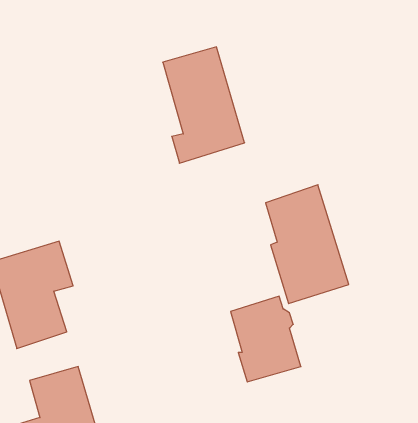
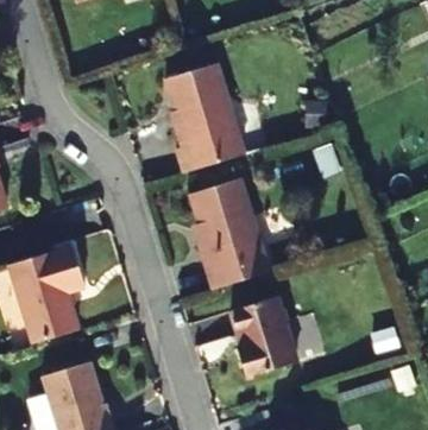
building: [266,185,349,304] -> [189,179,266,290]

